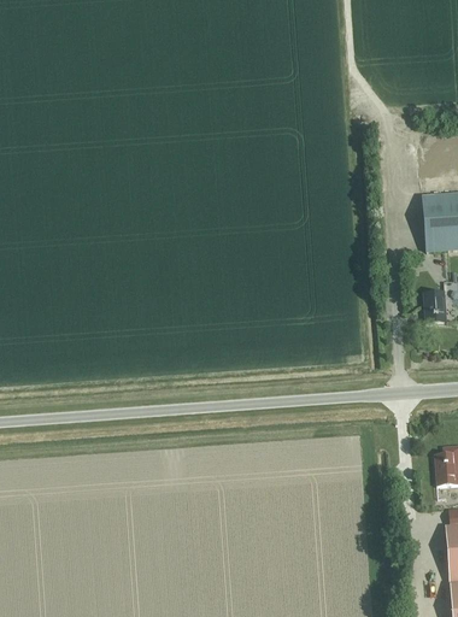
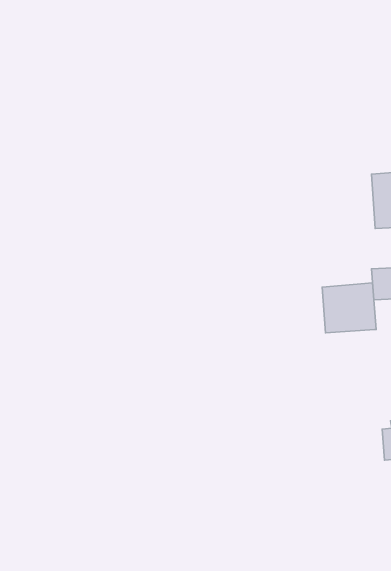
building: none -> [322,283,376,333]

